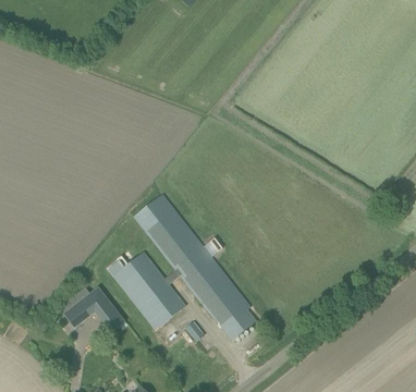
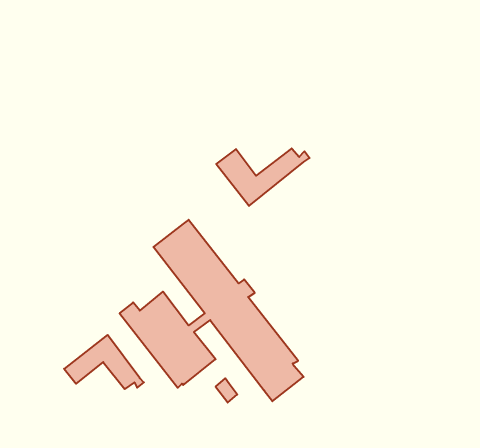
building: none -> [216,148,310,206]

